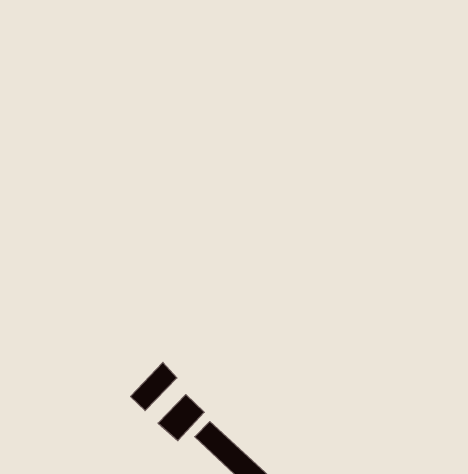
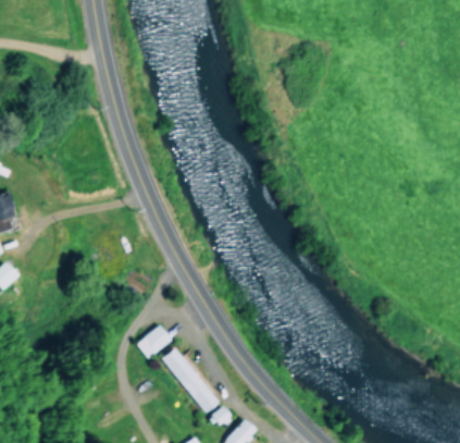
building: [131,362,177,411] -> none

